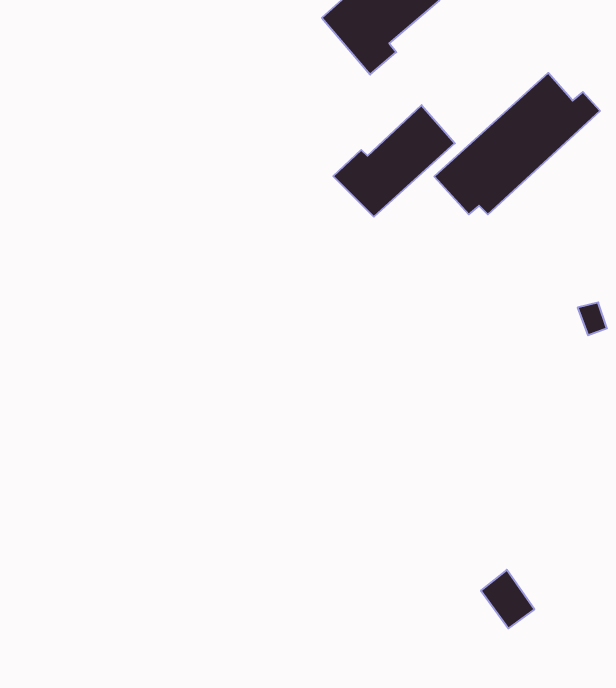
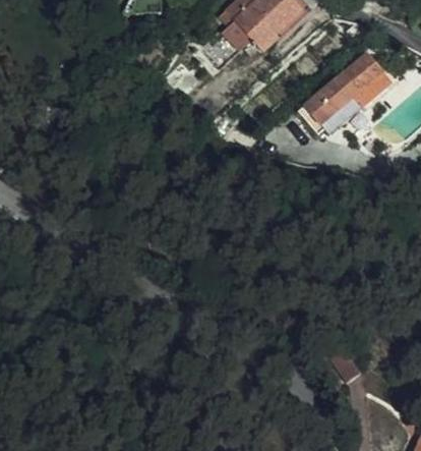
building: [333,105,455,217] -> none

